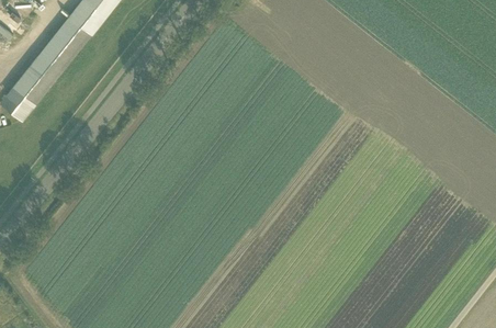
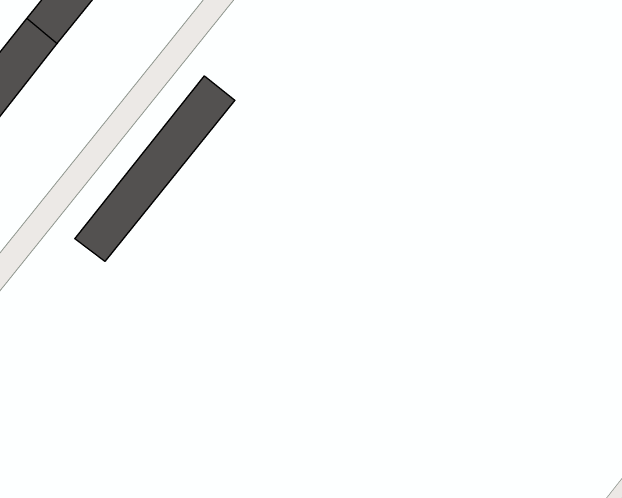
building: none -> [75,76,235,261]

